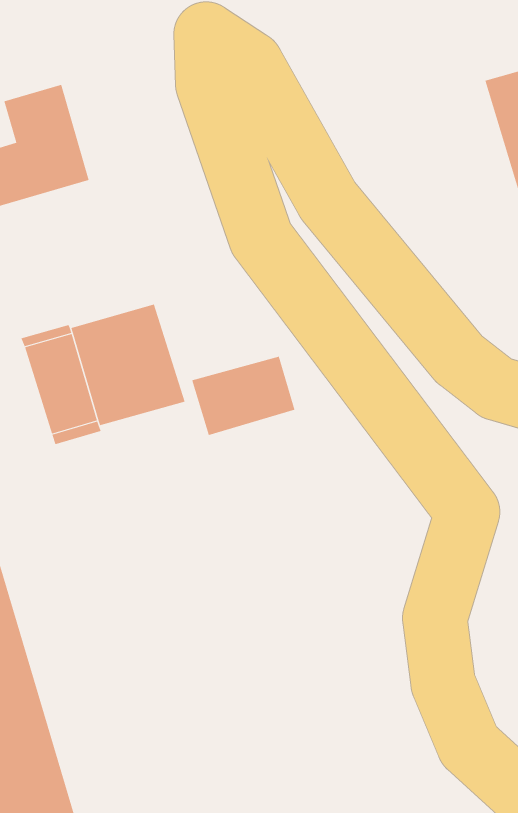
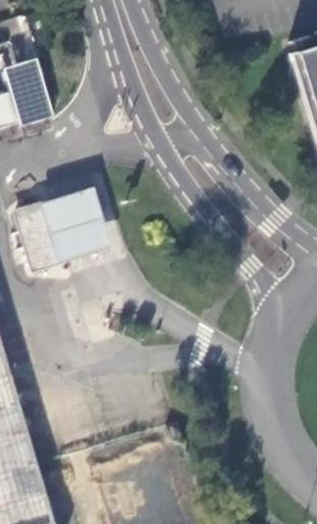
building: [192,356,295,436] -> none

